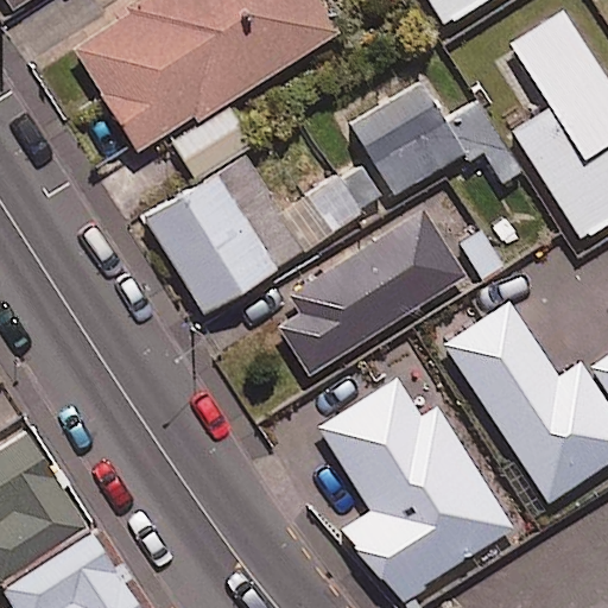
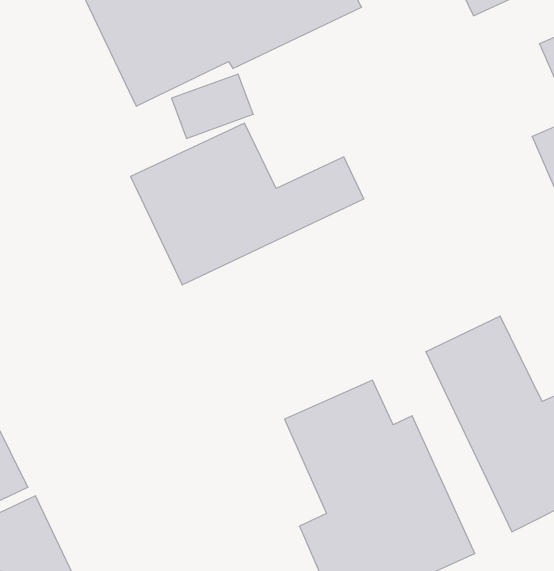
building: [342,82,520,210] -> none
building: [280,185,500,374] -> none

